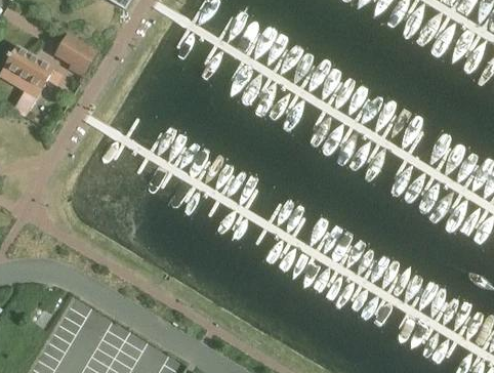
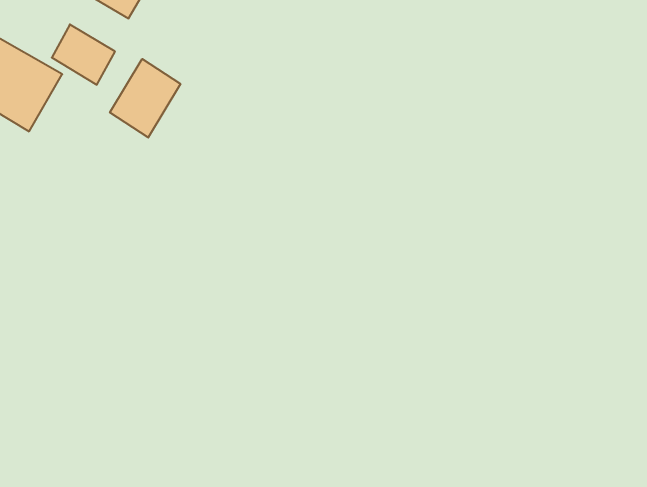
building: none -> [110,59,180,138]

